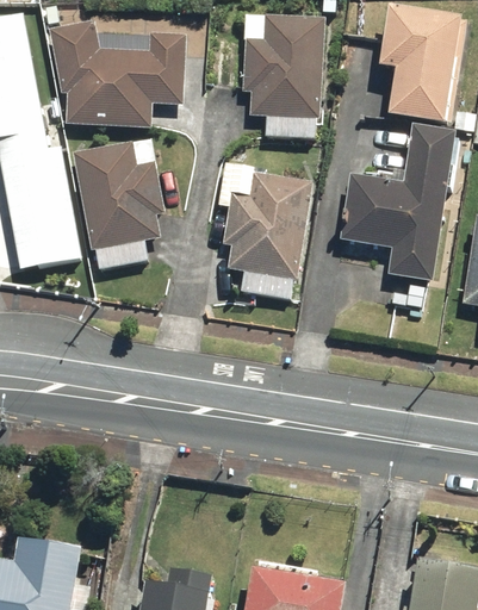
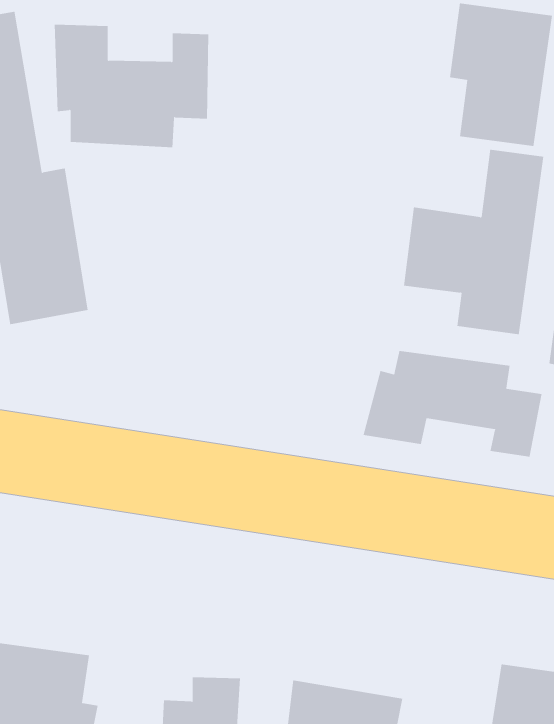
building: [241,14,325,139] -> none
building: [73,138,164,268] -> none
building: [216,161,310,298] -> none
building: none -> [363,350,542,457]

